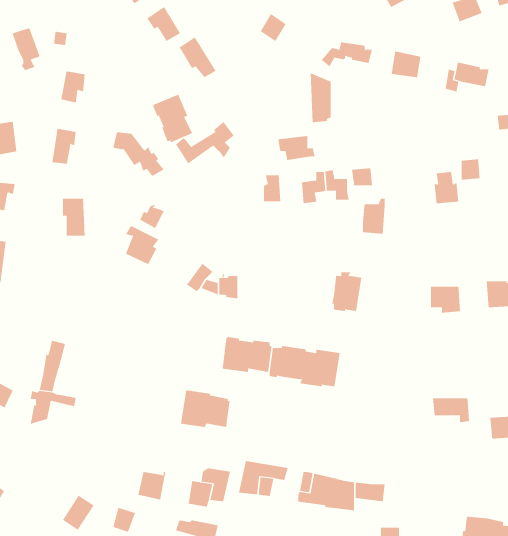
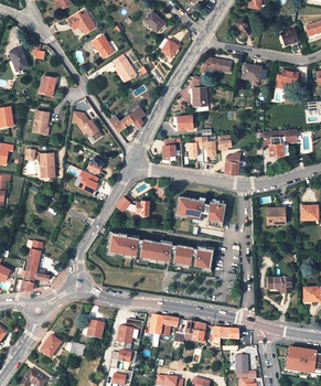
building: [152,94,193,143] -> none
building: none -> [173,194,203,218]
building: [180,390,230,427] -> [106,232,137,255]

